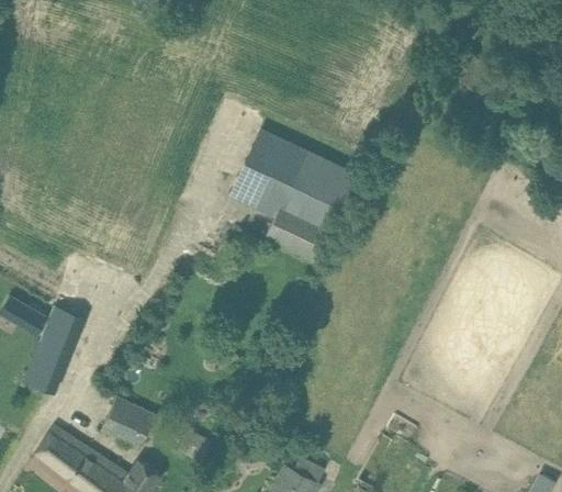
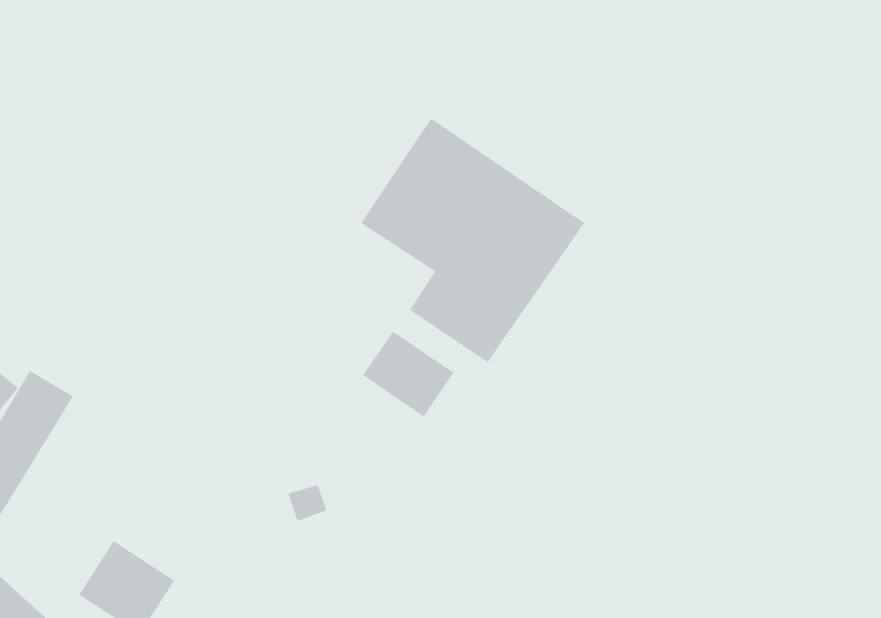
building: none -> [362,331,455,417]

